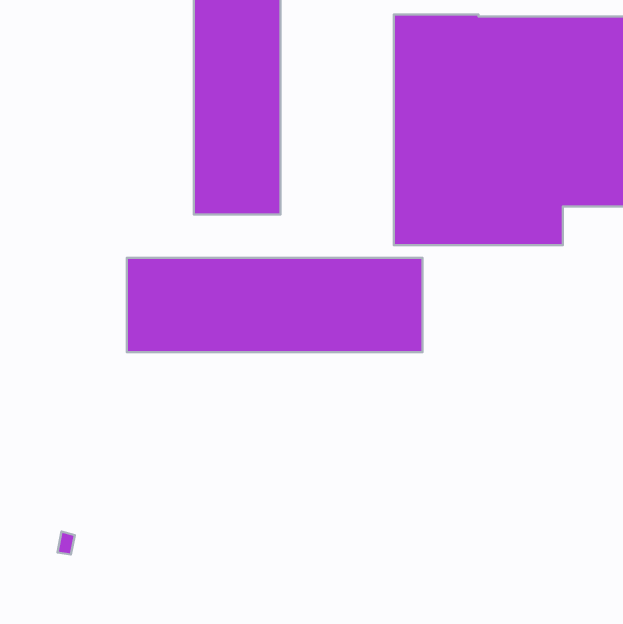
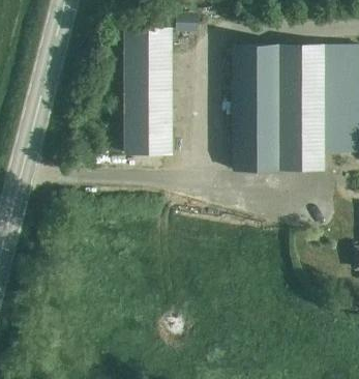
building: [127,258,422,352] -> none

